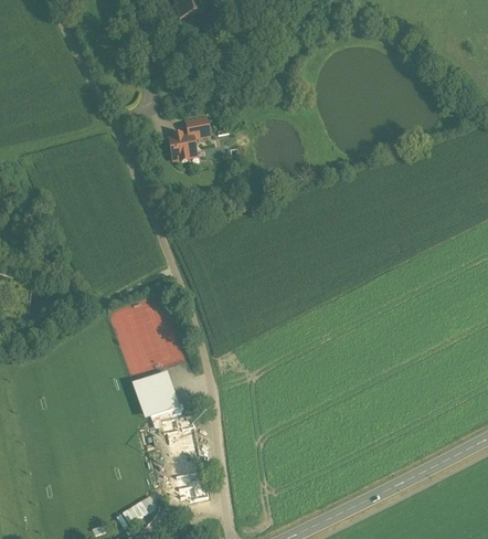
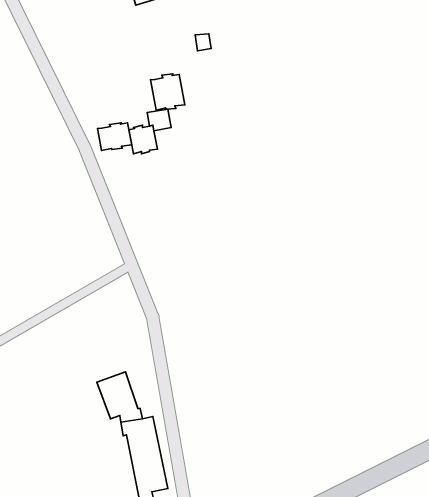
building: none -> [150,74,185,110]
building: none -> [97,123,132,151]

